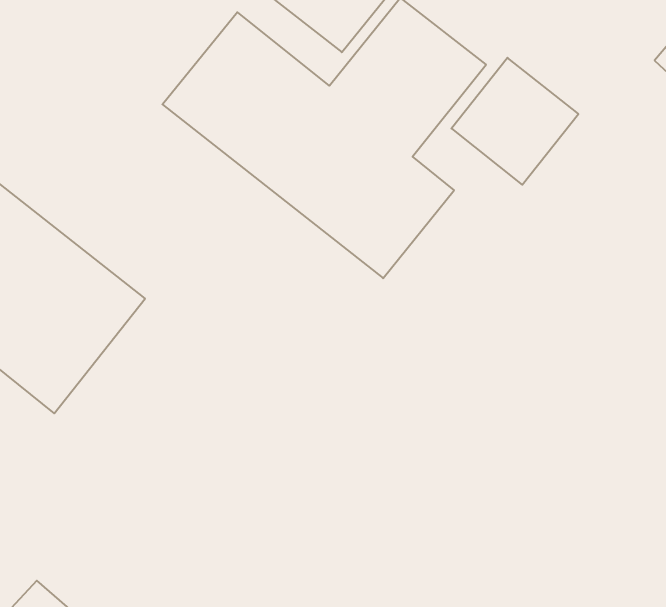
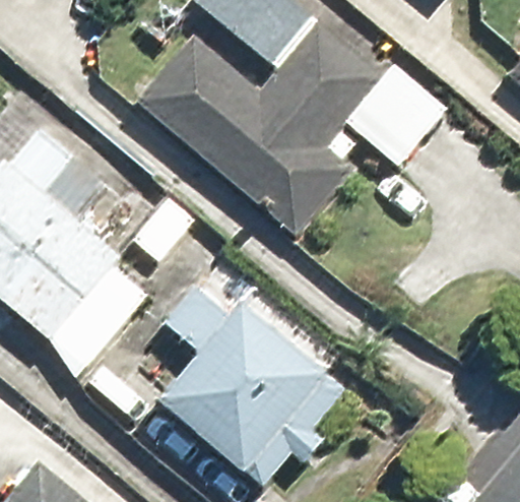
building: none -> [156,303,326,476]

